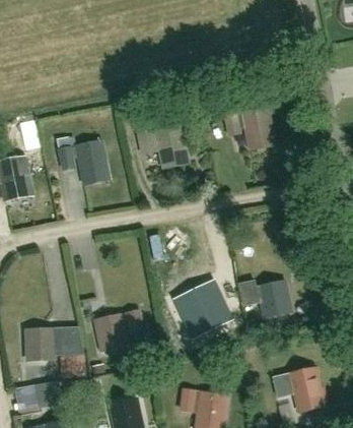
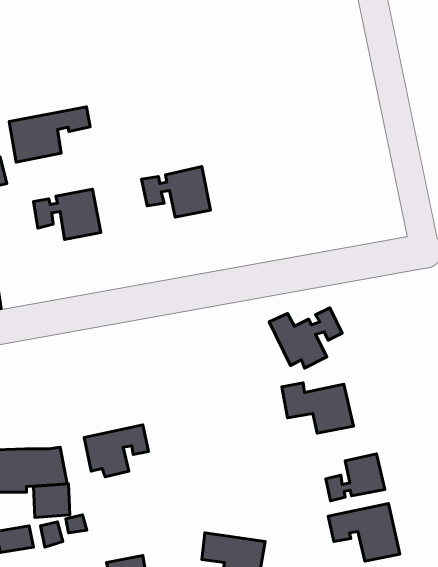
building: none -> [9,107,90,162]
building: [225,106,276,148] -> none
building: [174,289,227,332] -> [269,308,342,368]
building: none -> [326,454,385,501]

